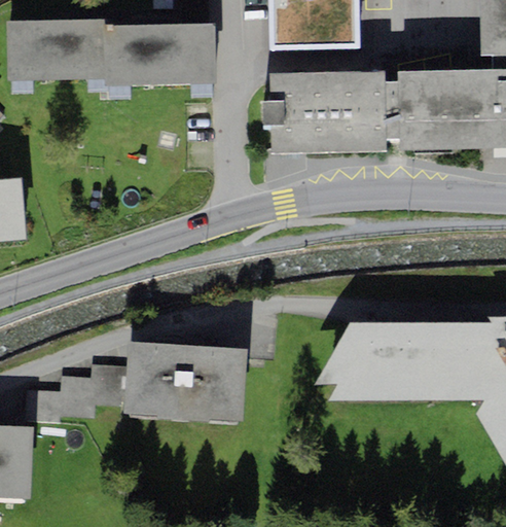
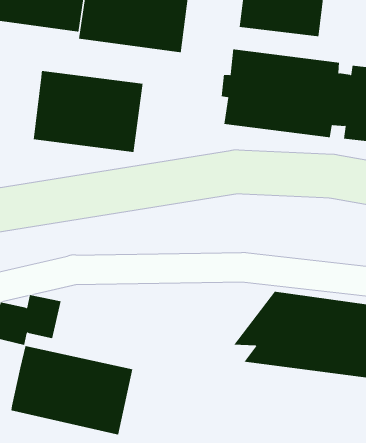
building: none -> [33,70,143,153]
building: [123,341,247,421] -> [10,345,133,435]

